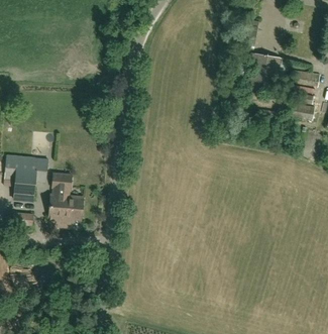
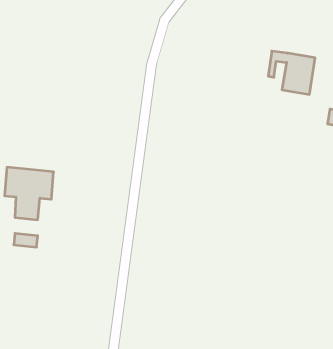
building: [49,173,84,220] -> none

